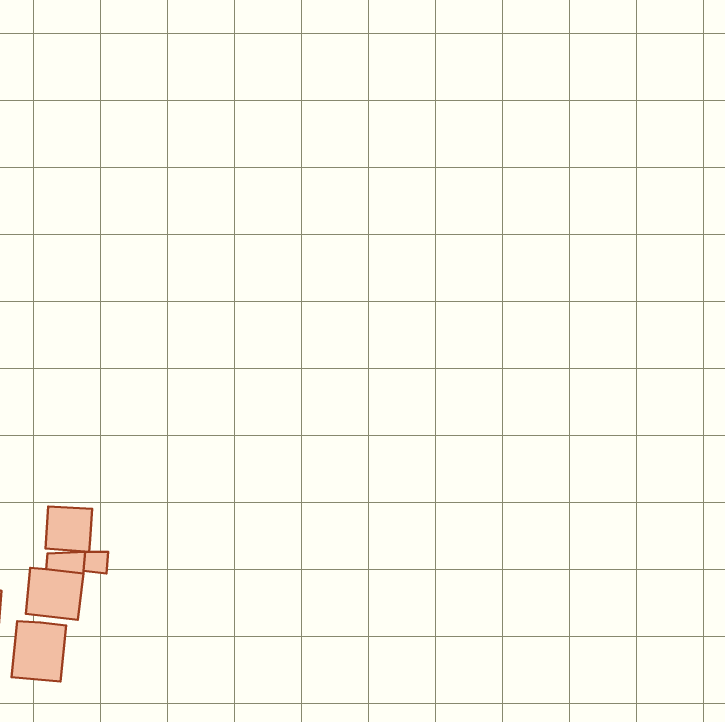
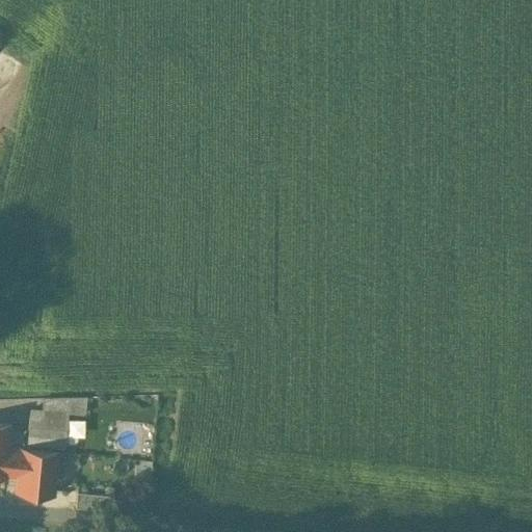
building: [45,506,92,552] -> none

